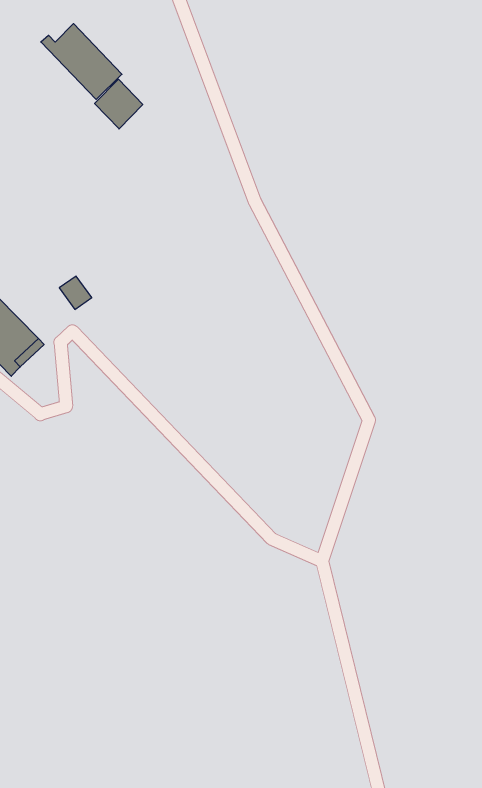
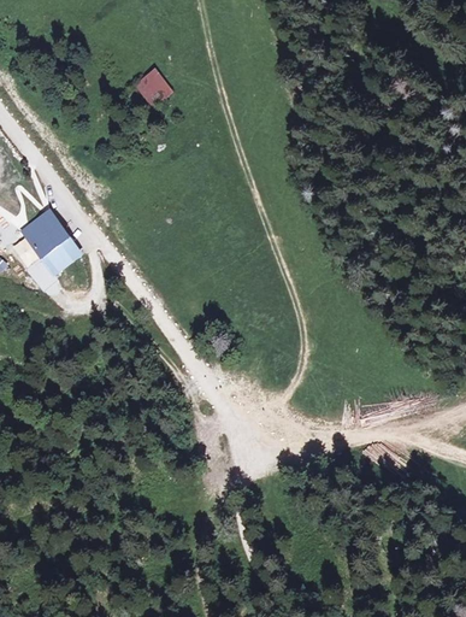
building: [41,24,122,99] -> none

